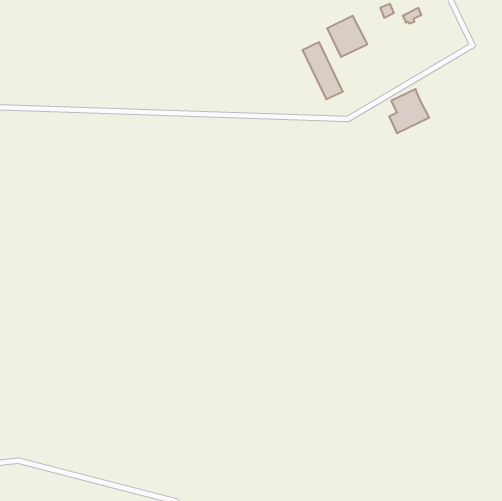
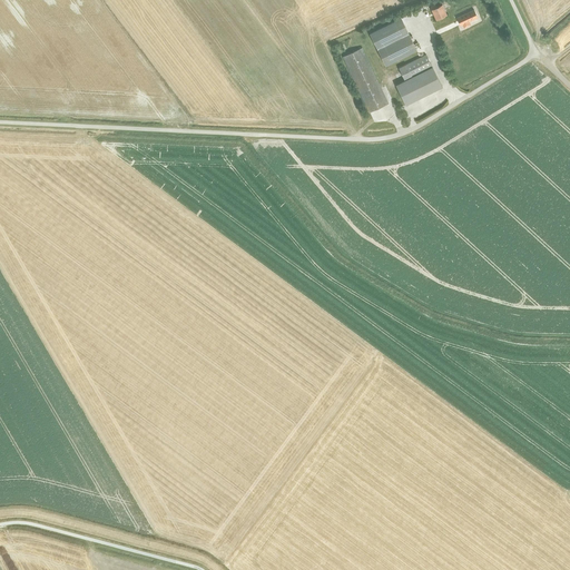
building: [389,89,429,133] -> [396,55,442,105]

